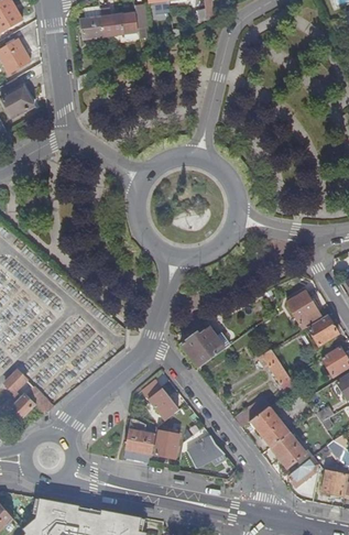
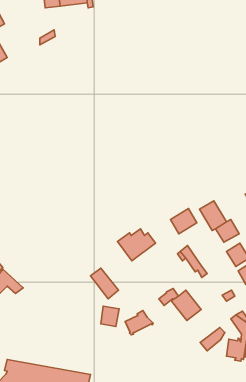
building: none -> [170,209,197,234]
building: [126,415,156,451] -> none
building: [269,433,304,468] -> none

